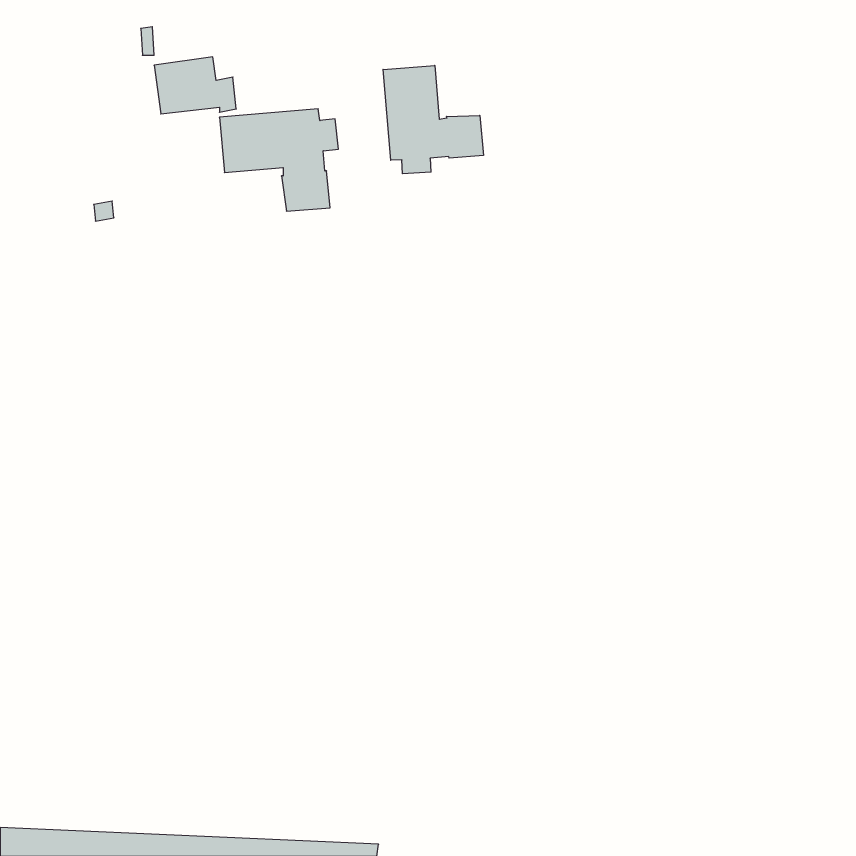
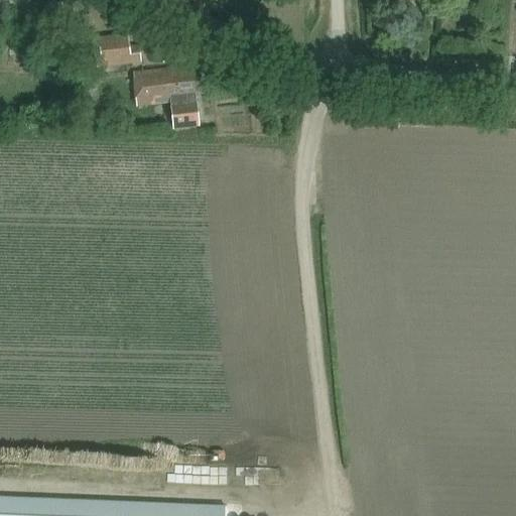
building: [383,65,483,174] -> none

